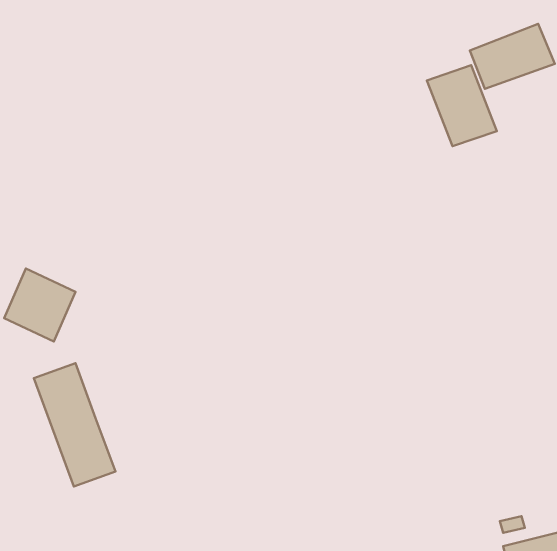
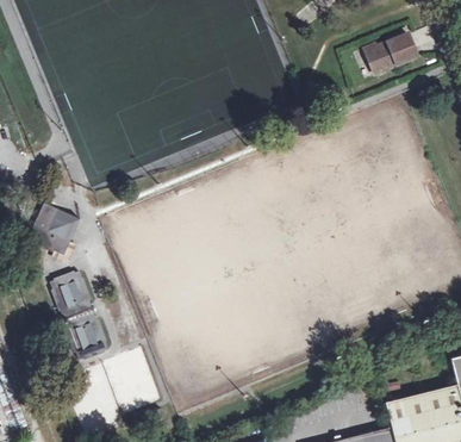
building: [427,65,497,146] -> none

